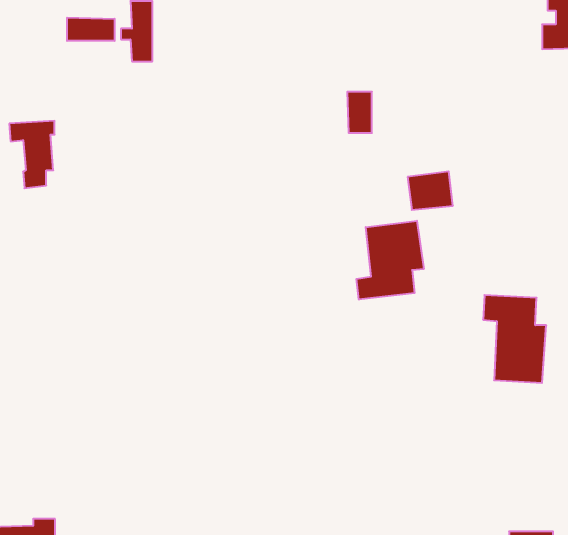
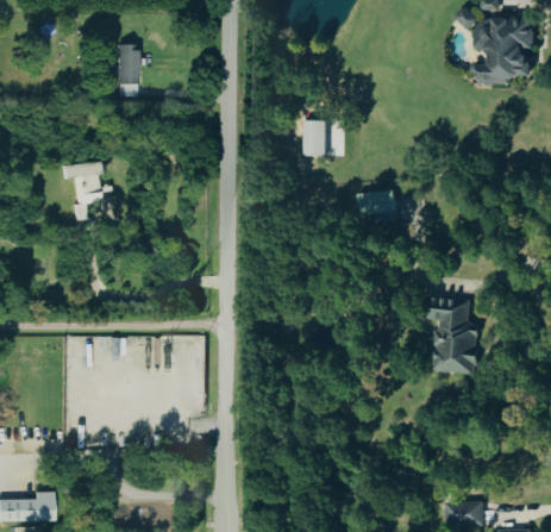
building: [67,18,115,41] -> none
building: [9,121,55,188] -> [63,161,102,219]
building: [356,221,424,300] -> none

